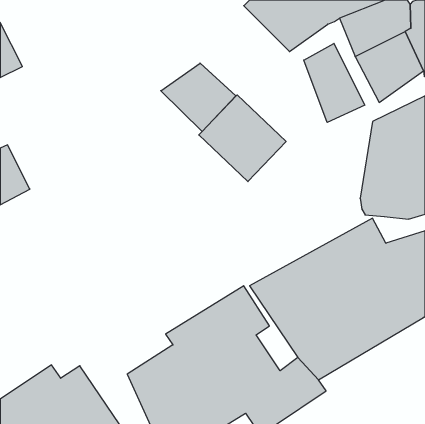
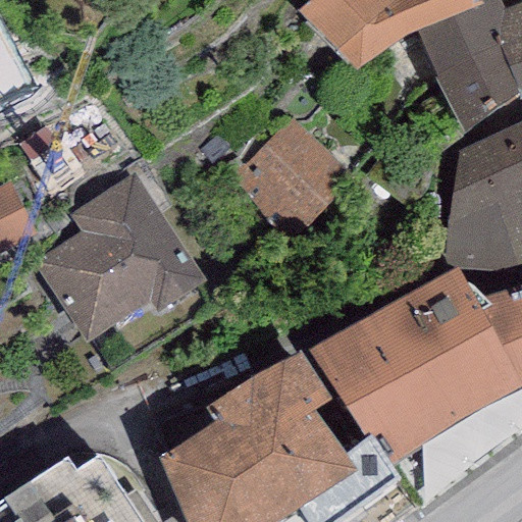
building: [304,43,365,122] -> none
building: [161,63,236,131] -> none
building: none -> [35,171,205,341]

